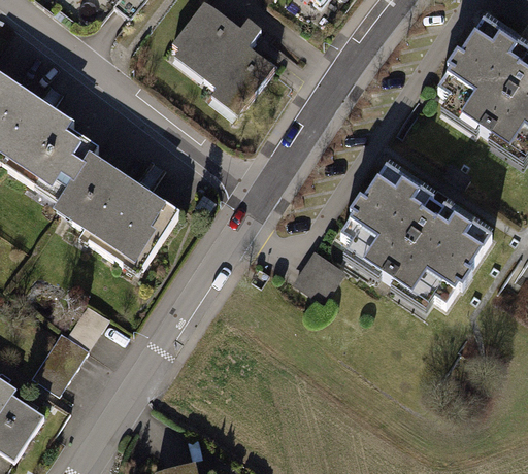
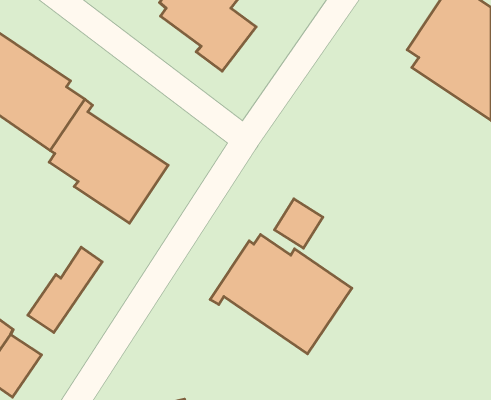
building: [332,163,490,310] -> none
building: none -> [210,234,352,354]

